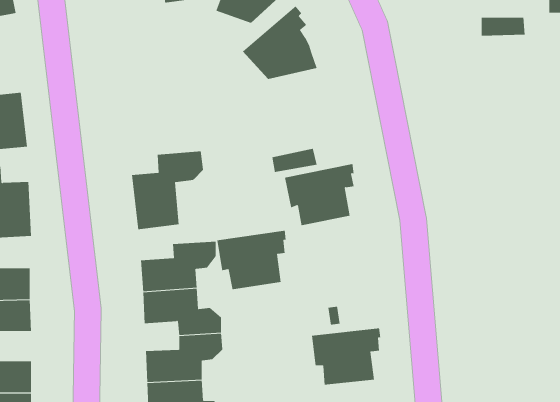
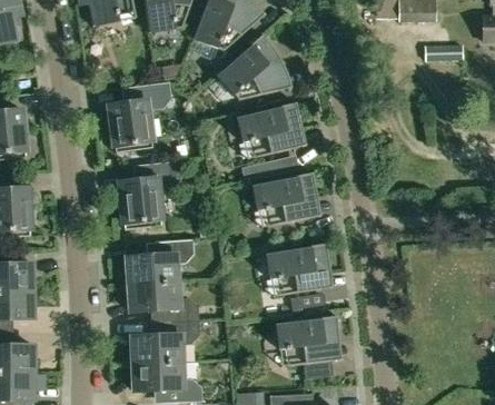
building: none -> [109,81,171,152]
building: none -> [236,101,297,157]
building: [216,230,287,290] -> [266,243,327,295]

